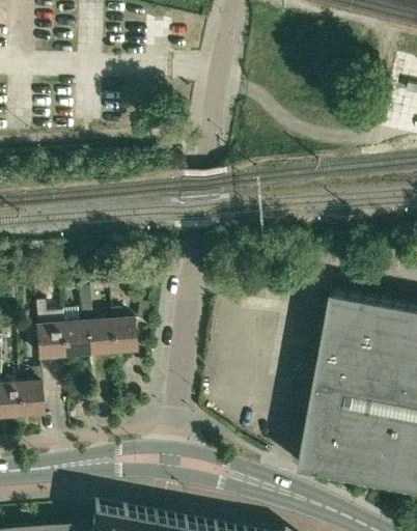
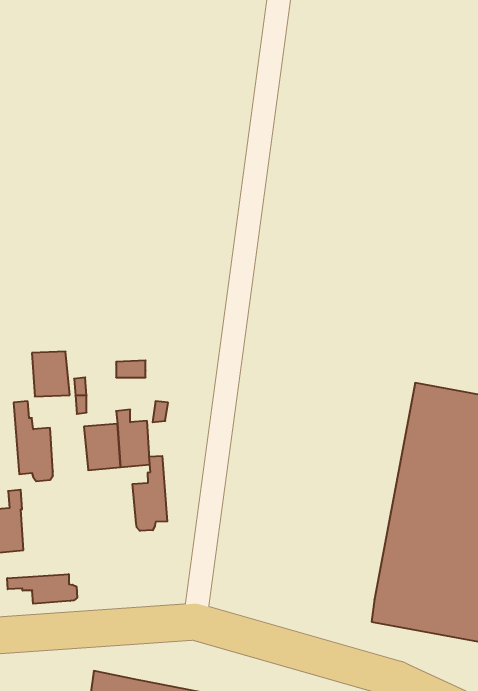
building: [62,322,90,355] -> [32,352,70,396]
building: none -> [133,456,167,531]
building: none -> [7,574,77,604]

